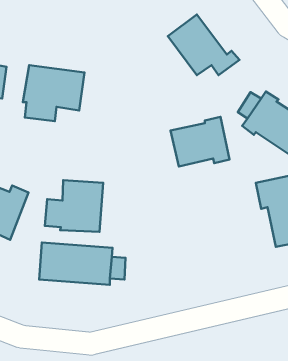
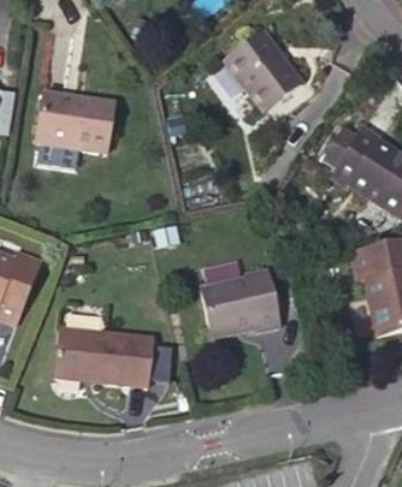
building: [171,117,229,167] -> [203,271,282,337]
building: [45,180,103,232] -> none

